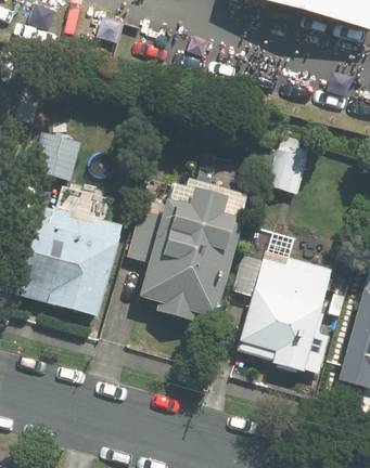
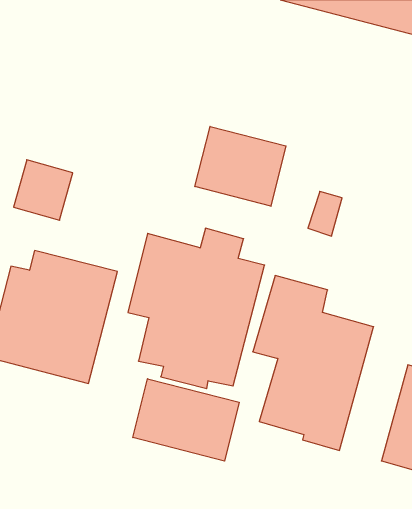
building: none -> [195,126,286,206]
building: none -> [133,379,239,461]

